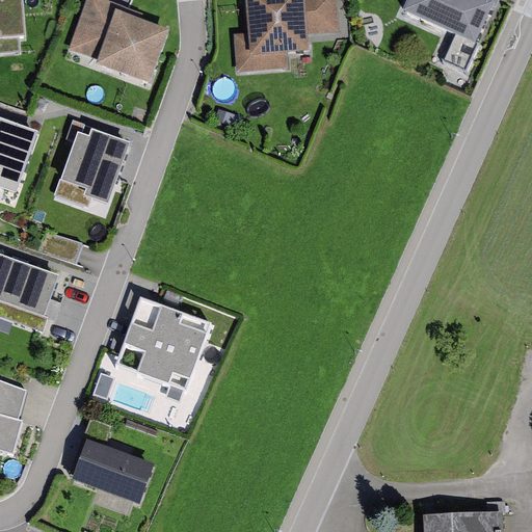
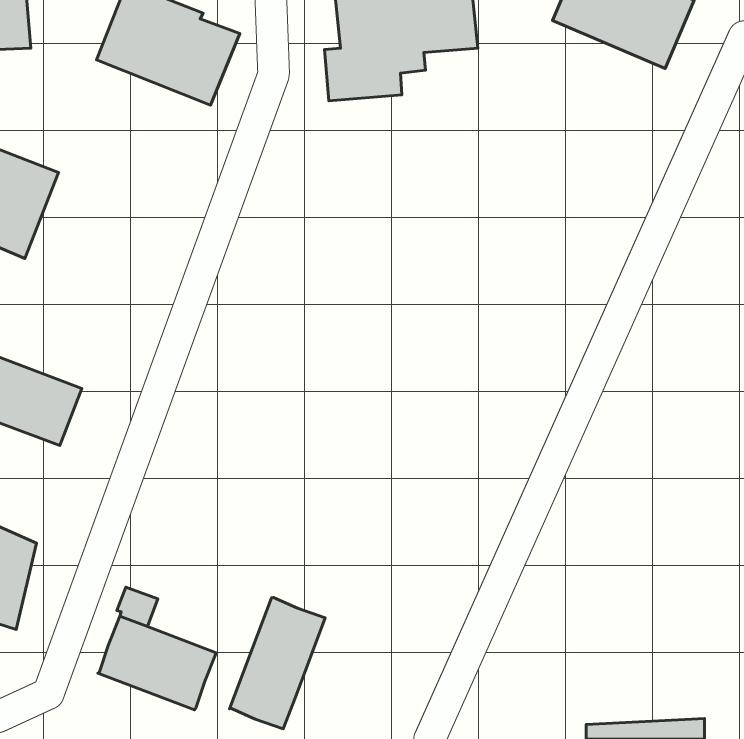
building: [59,129,129,205] -> none
building: [114,299,210,392] -> none
building: none -> [229,598,325,729]

